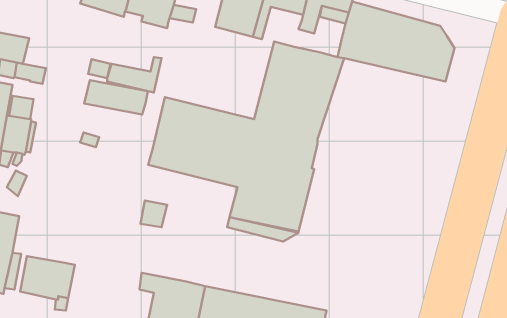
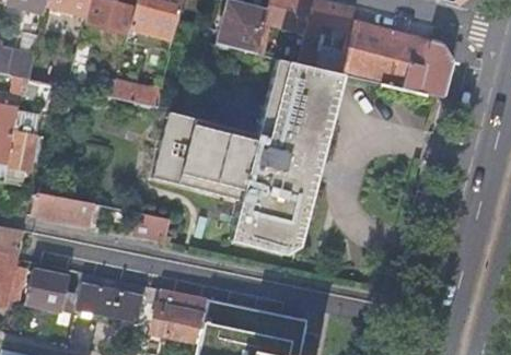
building: [84,80,148,115] -> [31,191,93,225]
building: none -> [77,282,143,321]

